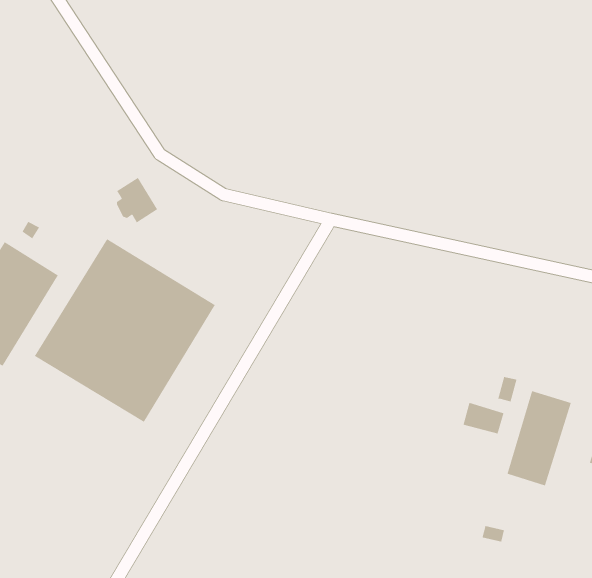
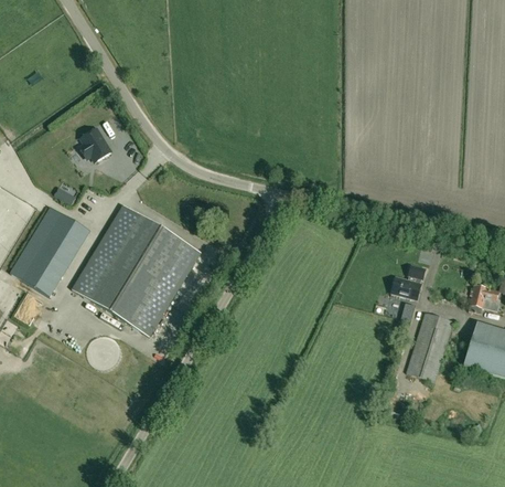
building: [116,177,158,223] -> [80,128,110,161]
building: [462,402,504,435] -> [391,276,421,299]

